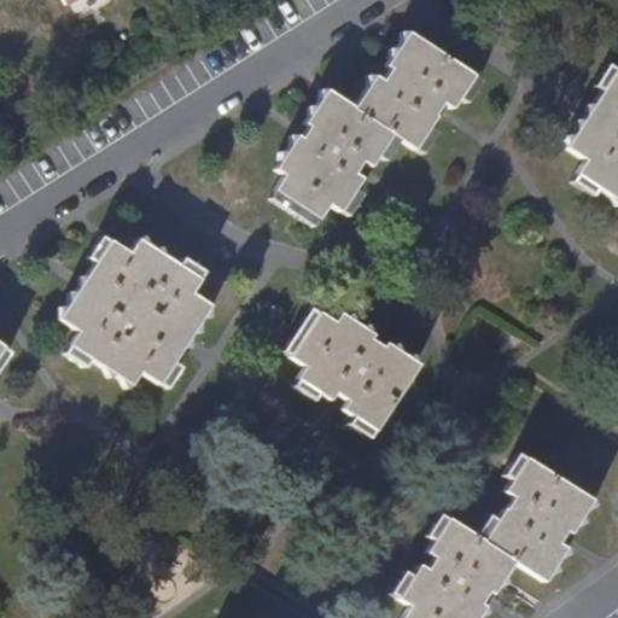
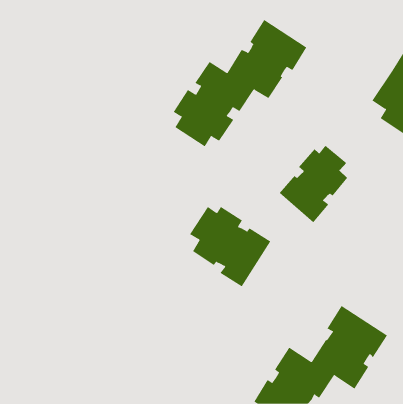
building: none -> [279,145,348,223]
building: [66,233,221,379] -> none

